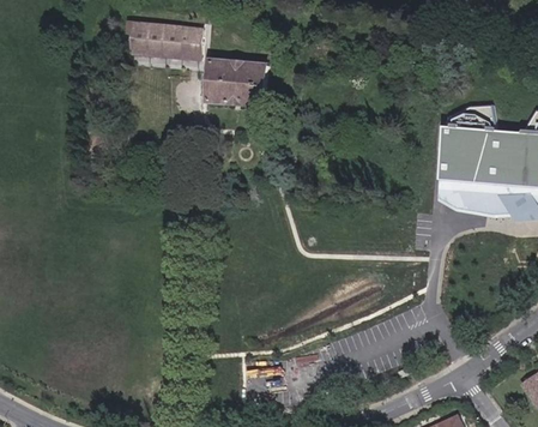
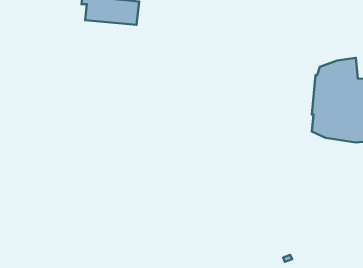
building: [208,60,267,107] -> none

